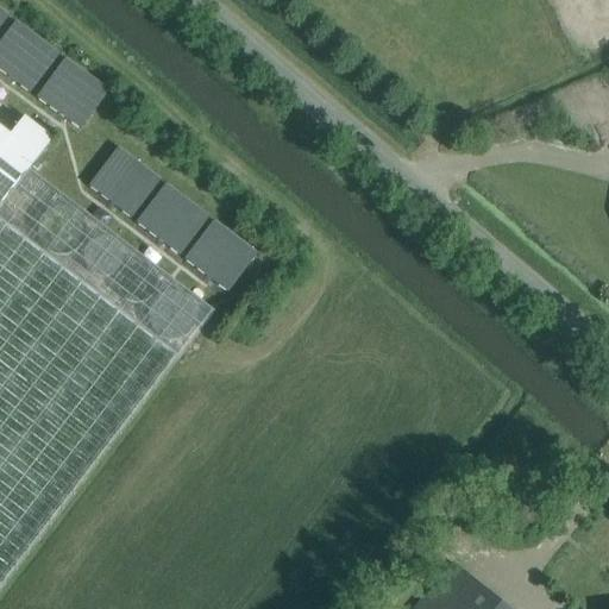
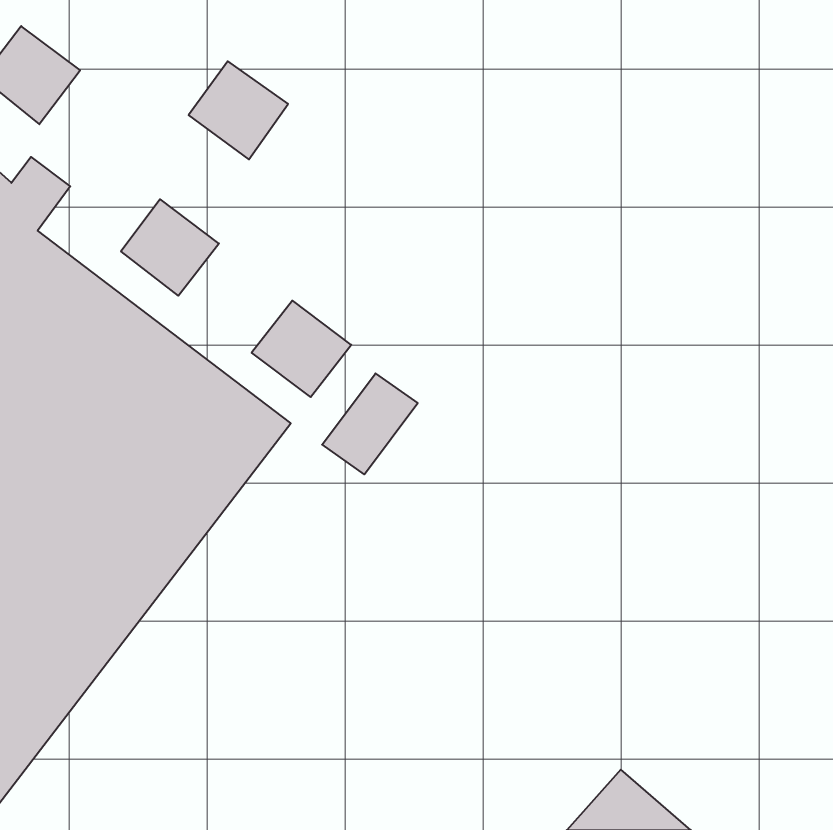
building: [36,56,108,127] -> [189,61,288,159]
building: [136,182,208,252] -> none
building: none -> [322,373,418,474]

